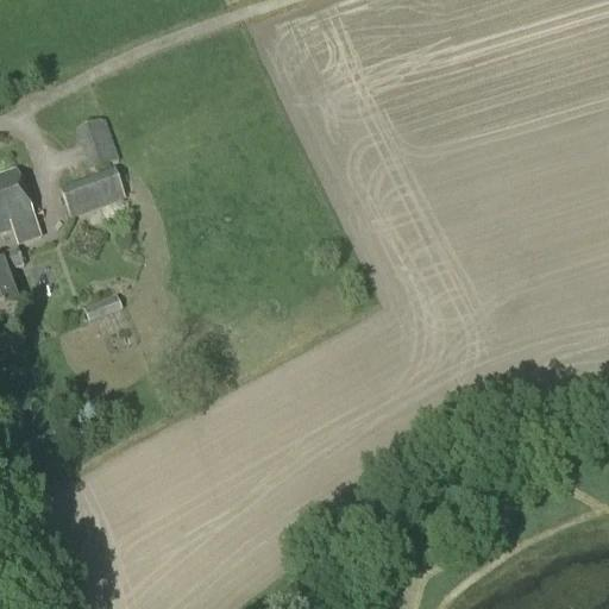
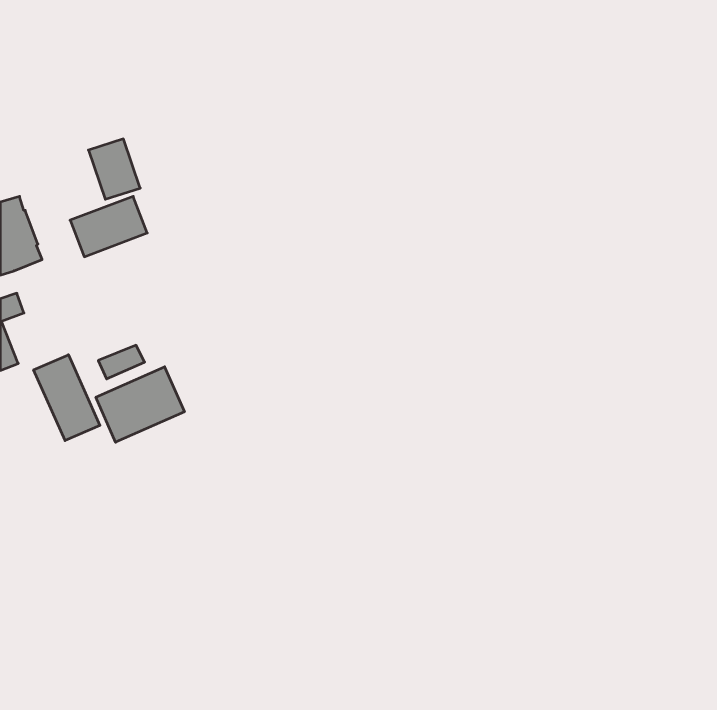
building: none -> [34,355,100,441]
building: none -> [96,367,184,442]

